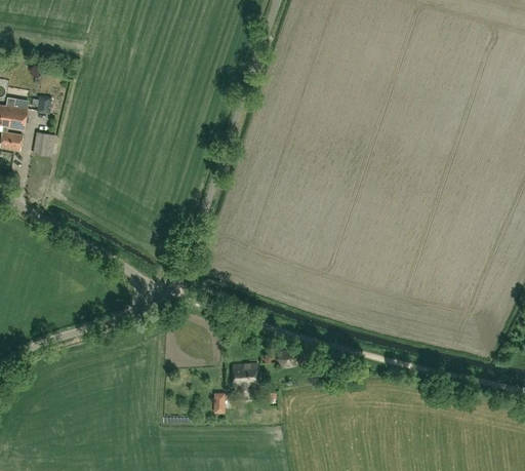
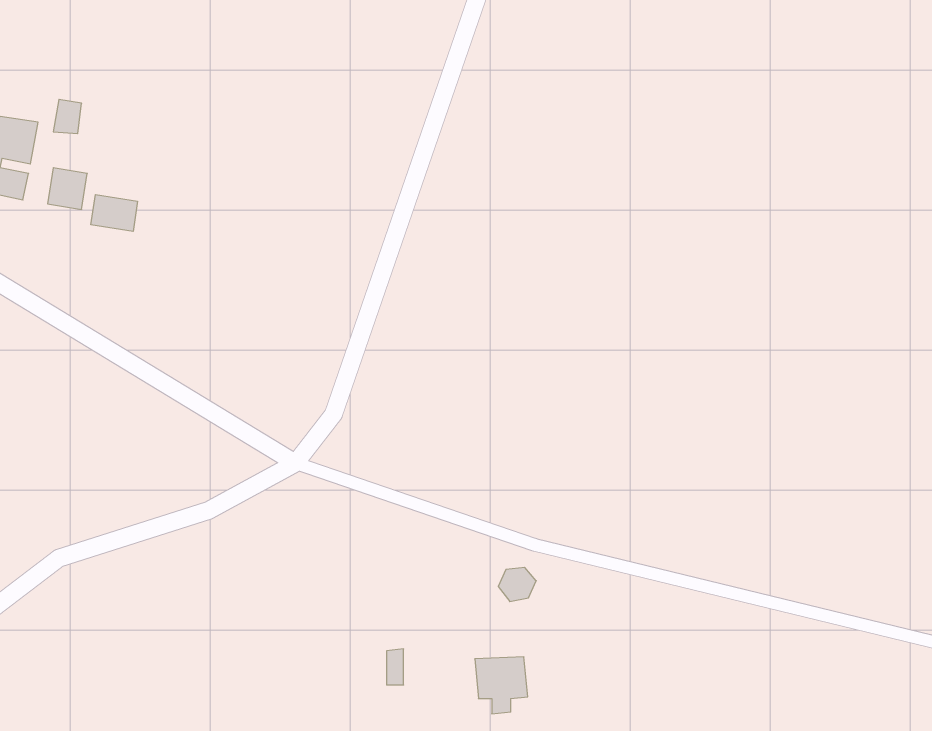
building: none -> [91,195,137,231]
building: [230,362,258,393] -> [475,657,528,714]

